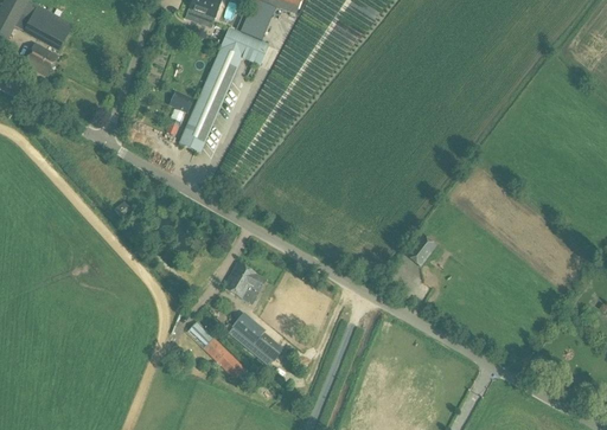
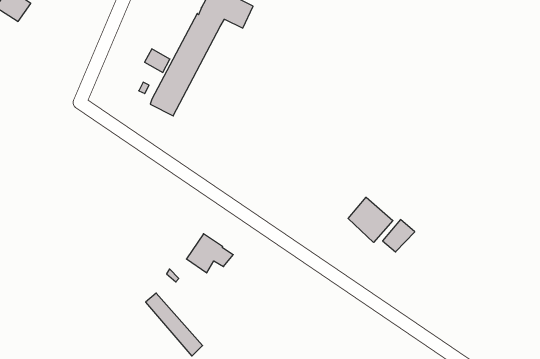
building: none -> [348,197,393,242]
building: [229,314,283,365] -> none

